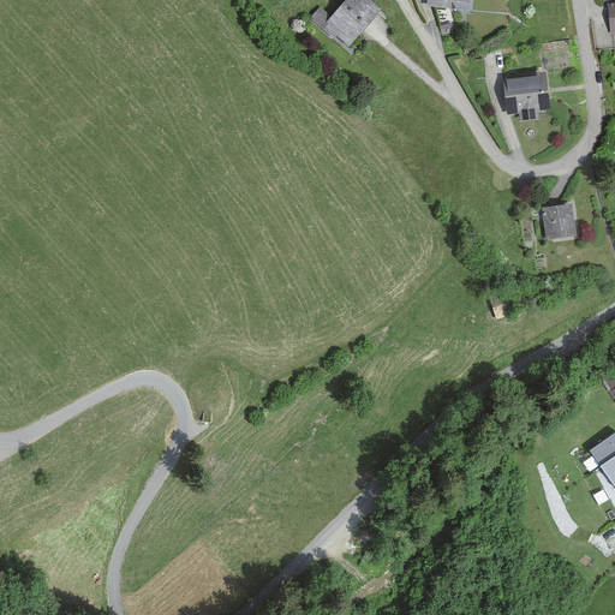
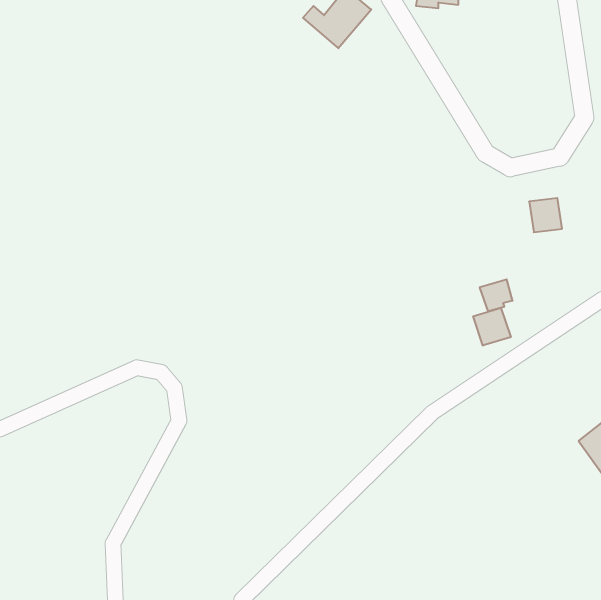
building: [503,72,549,121] -> none
building: none -> [473,308,511,346]

